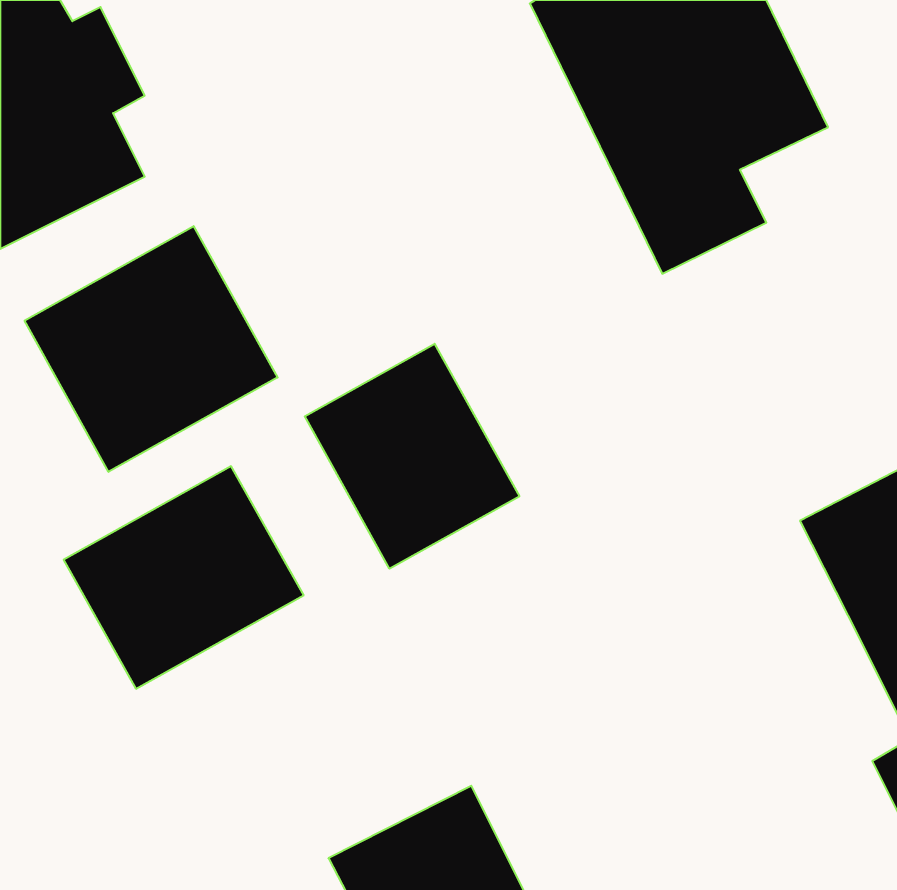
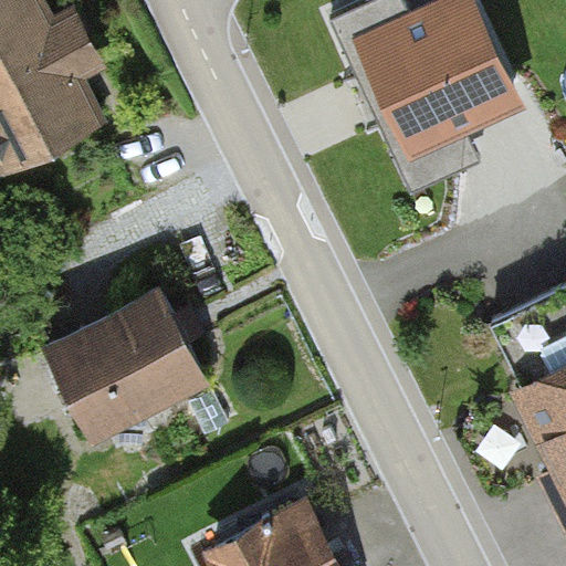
building: [25,226,278,472] -> none
building: [305,344,519,569] -> none

